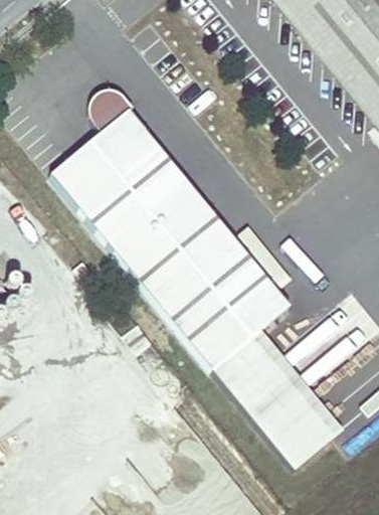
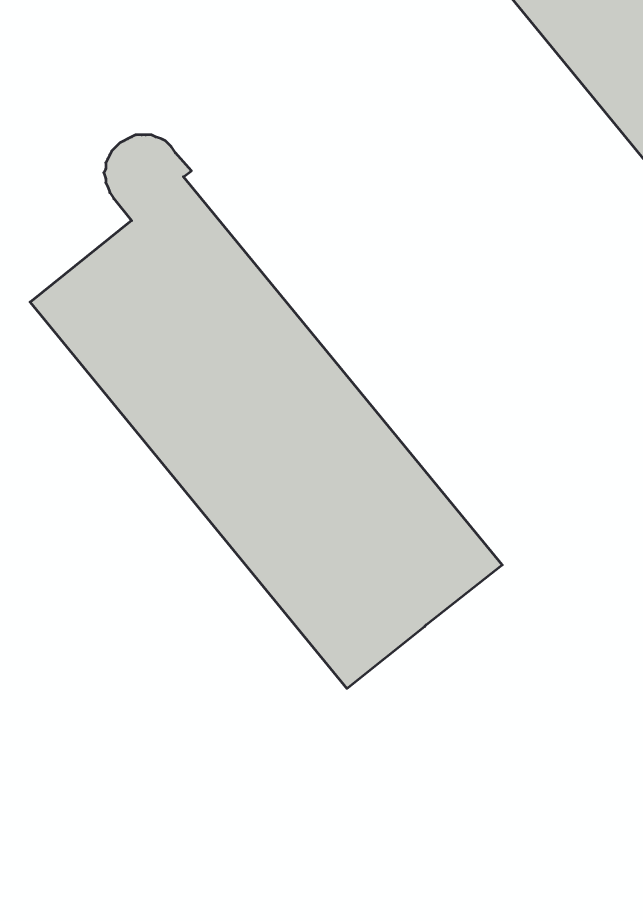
building: [212,336,334,469] -> none

